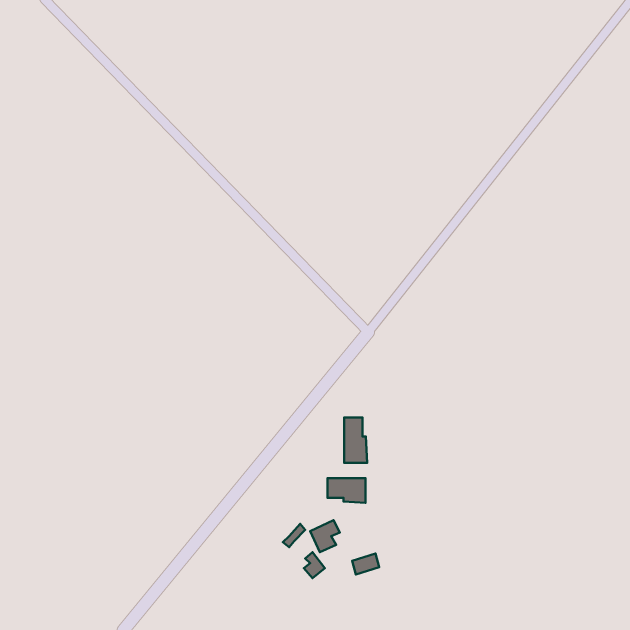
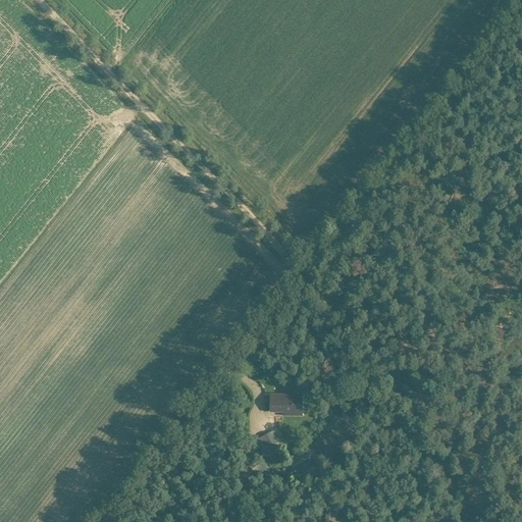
building: [344,418,367,463] -> none

